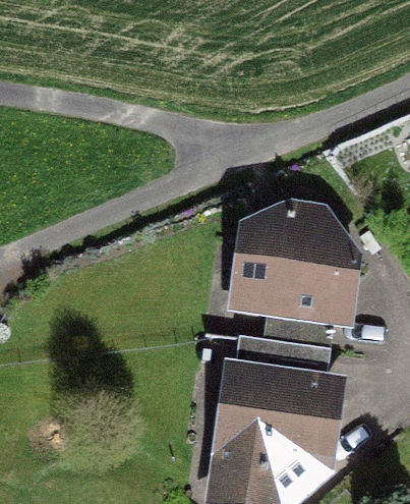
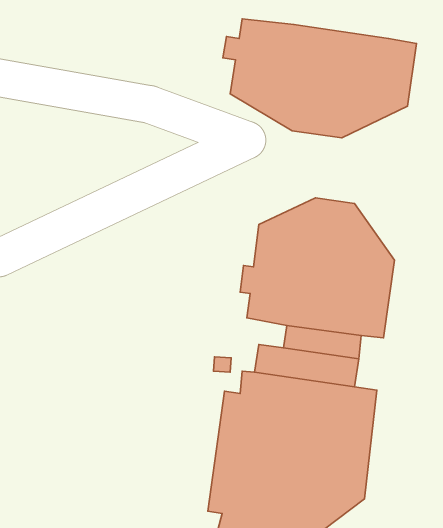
building: none -> [223,19,416,138]

